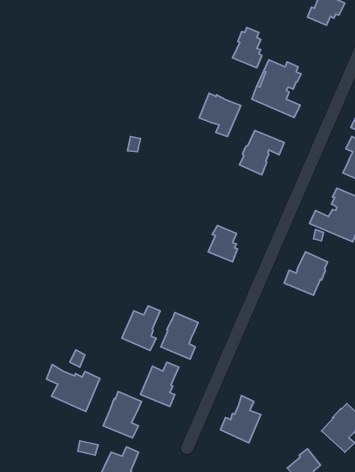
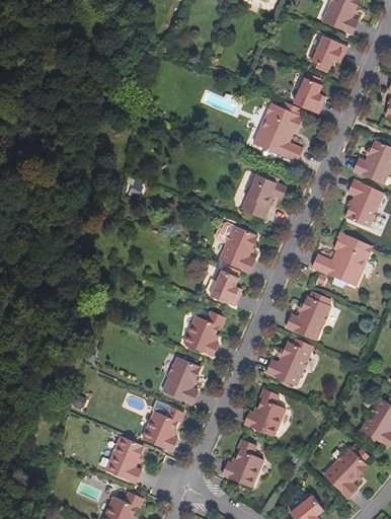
building: [233,27,262,68] -> [294,73,323,114]
building: [199,93,241,136] -> none
building: none -> [220,226,257,273]
building: none -> [266,342,311,386]
building: [122,306,160,350] -> [184,311,223,356]
building: none -> [245,390,286,437]
building: [46,365,100,412] -> none

